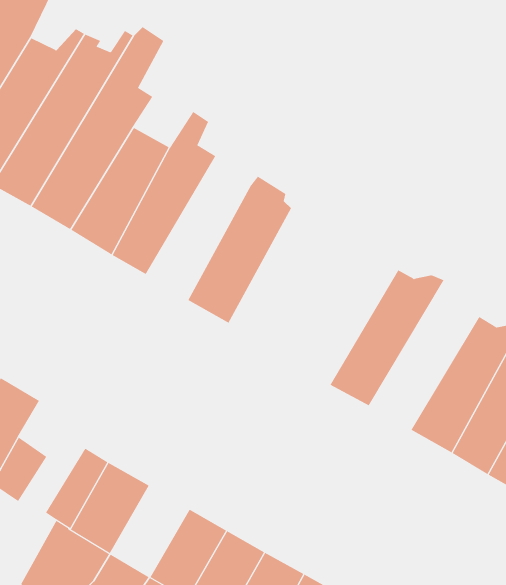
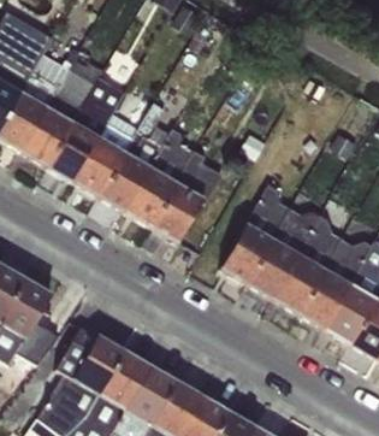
building: none -> [122,126,191,226]
building: none -> [219,182,290,283]
building: none -> [271,213,344,313]
building: none -> [97,350,150,412]

